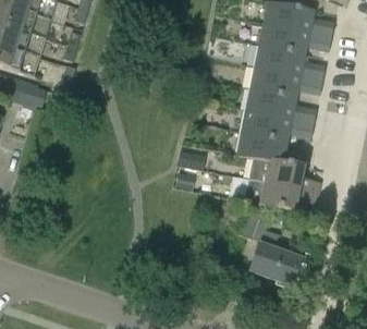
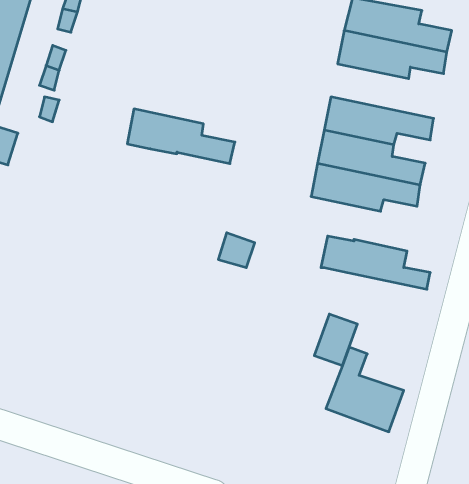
building: [254,44,325,80] -> none
building: [236,131,307,167] -> [127,109,235,164]
building: [245,178,317,211] -> none

